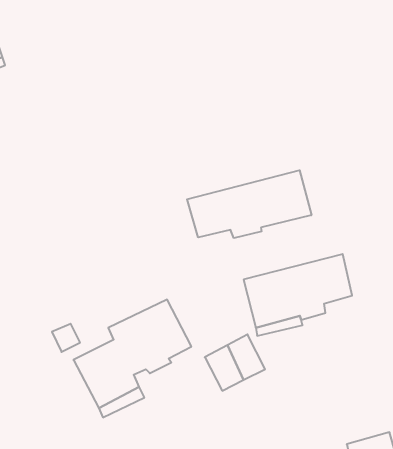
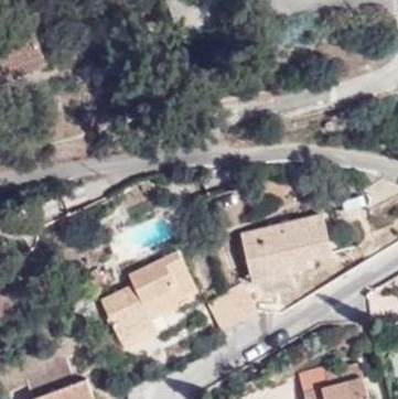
building: [187,170,311,238] -> none

